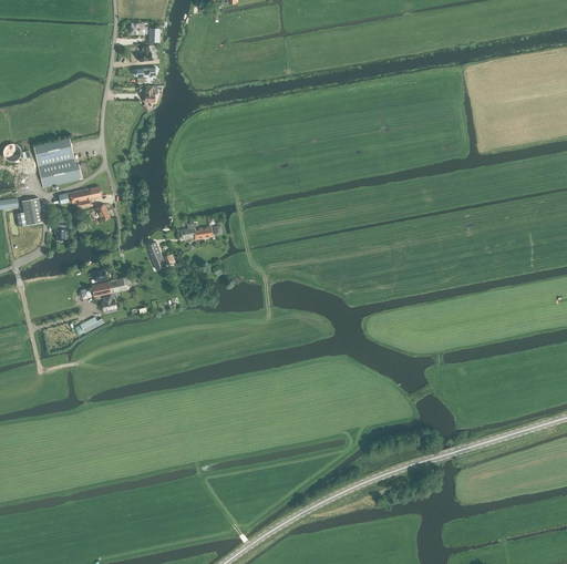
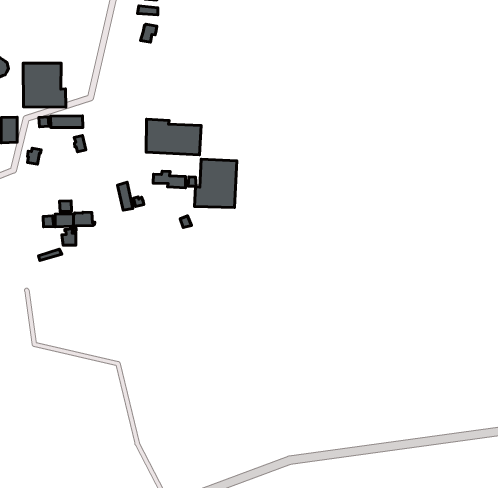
building: none -> [146,119,201,155]
building: none -> [195,159,237,207]

